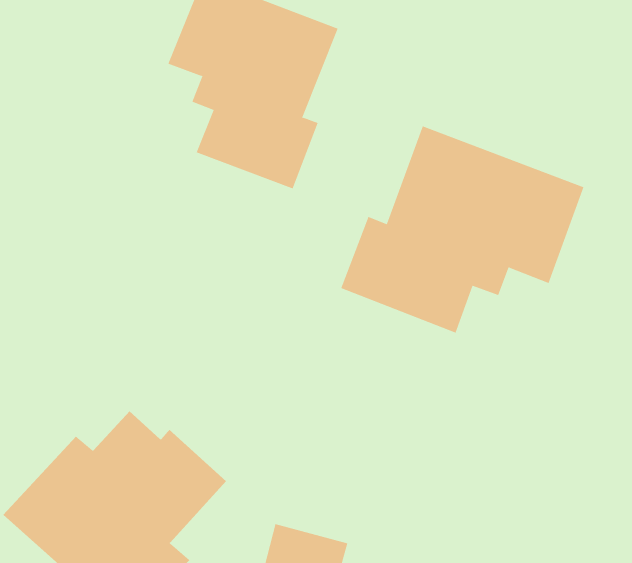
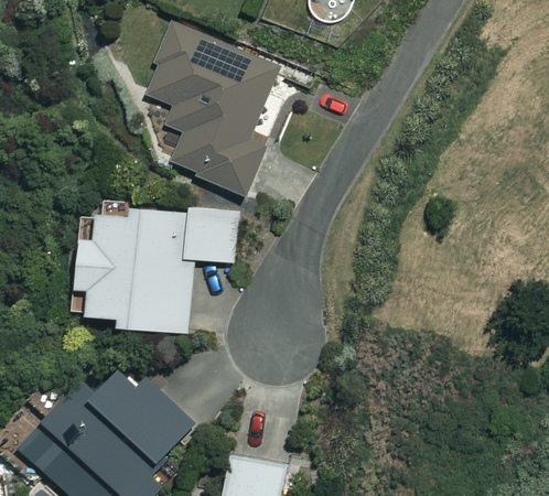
building: [340,125,584,333] -> none
building: none -> [71,208,239,332]

